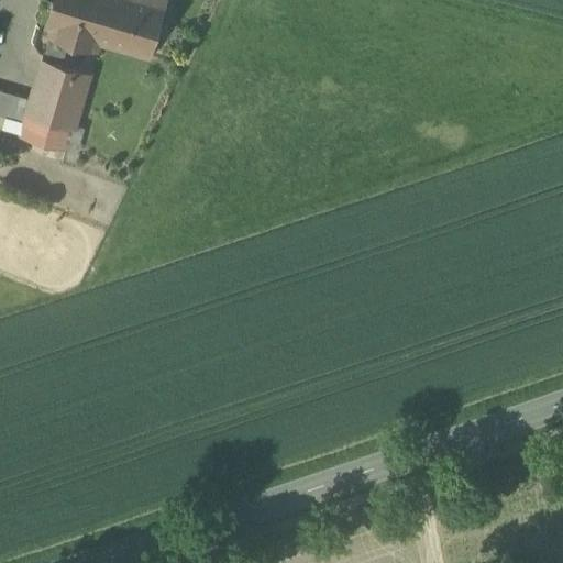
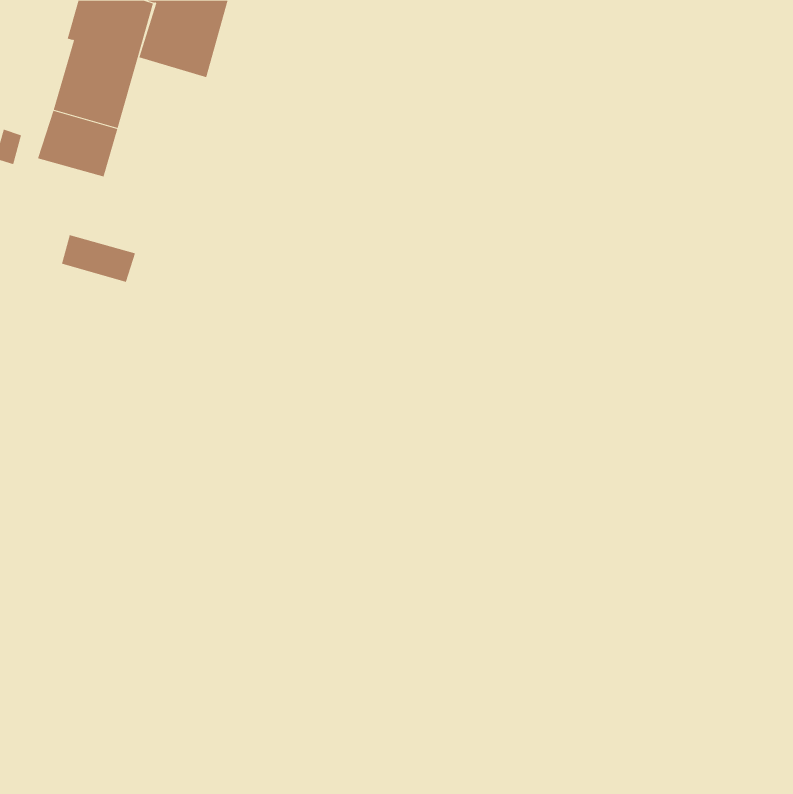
building: [21,112,74,146] -> [61,234,136,283]

